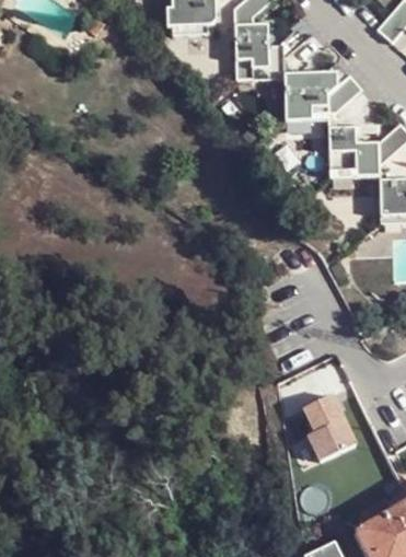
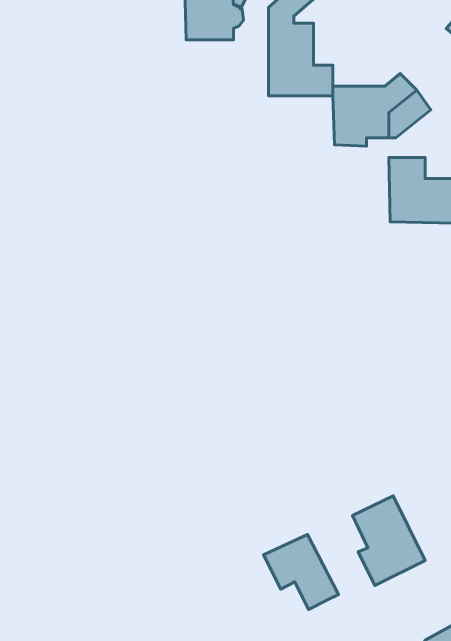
building: none -> [264,535,339,609]

